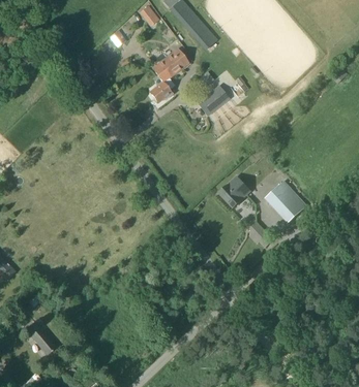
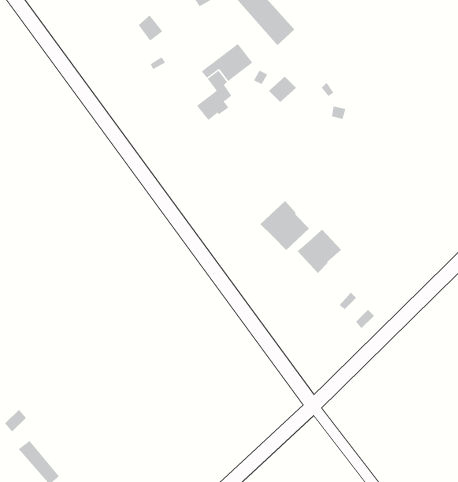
building: [196,85,229,116] -> none
building: none -> [260,200,310,251]
building: [265,181,306,223] -> none

